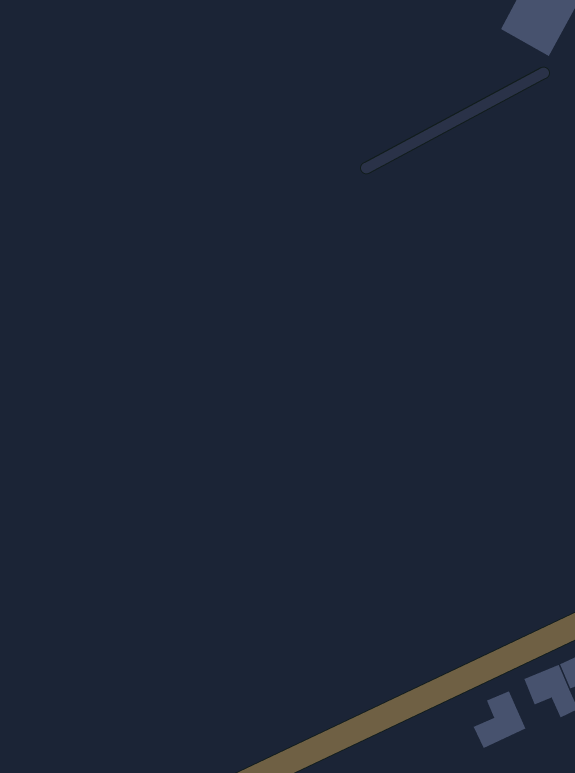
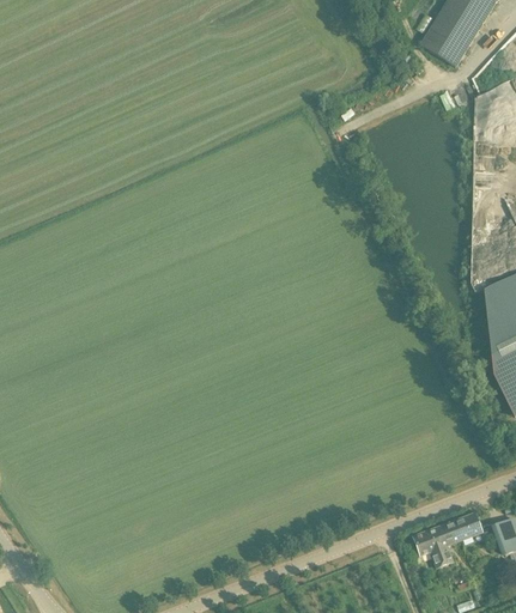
building: [473,690,526,749] -> none

